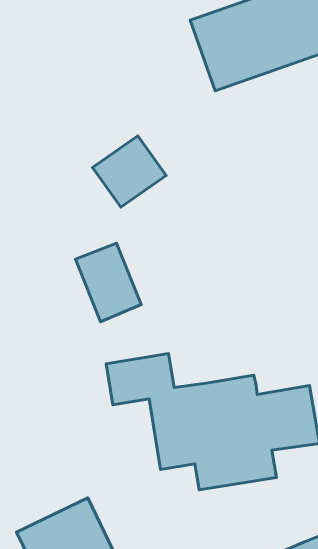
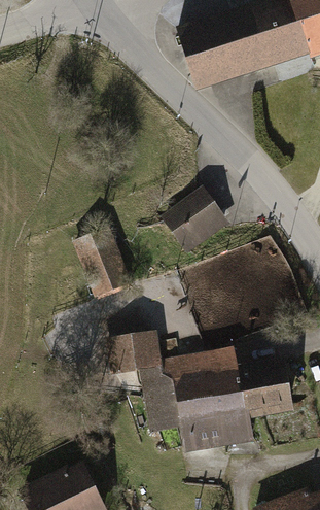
building: [92,136,166,207] -> [161,189,227,253]

